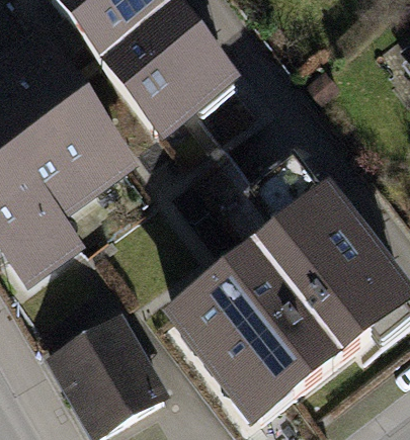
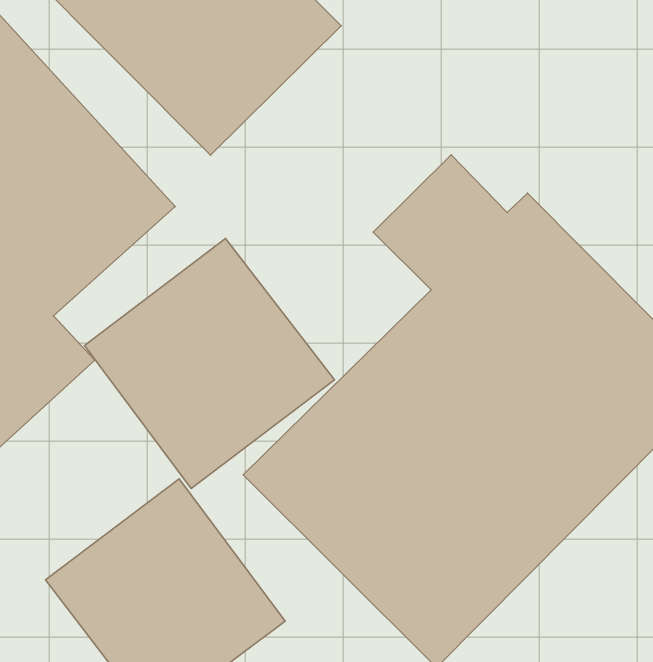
building: none -> [85,238,335,488]

